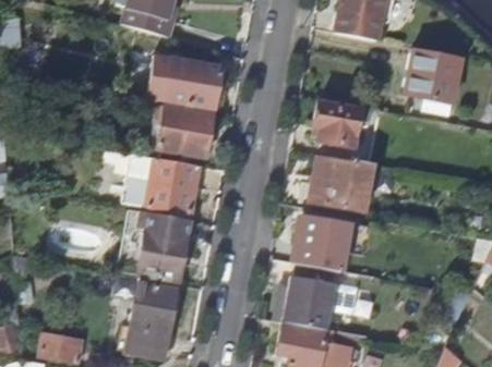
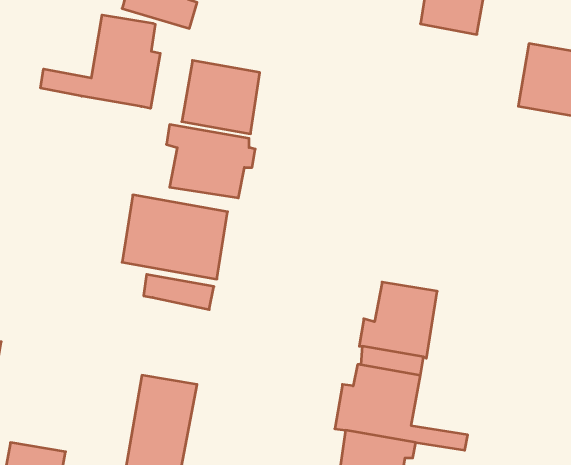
building: none -> [41,15,160,108]
building: [315,101,361,148] -> none
building: [301,156,374,212] -> none
building: [136,228,185,281] -> none

